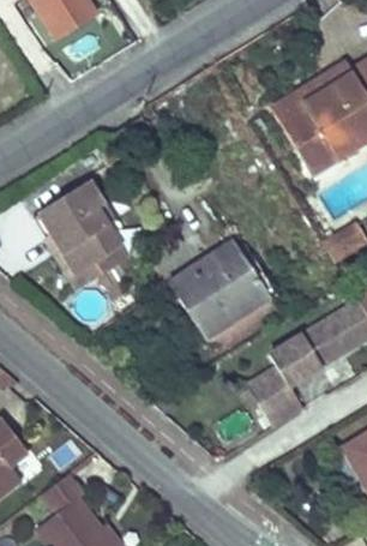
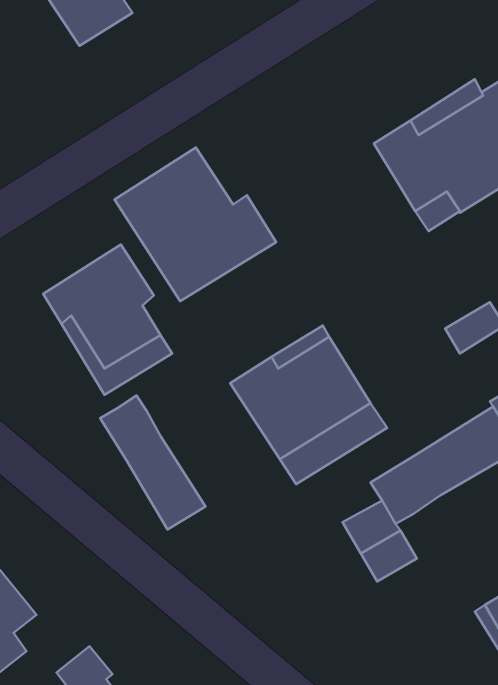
building: none -> [114,147,276,301]
building: none -> [100,396,206,530]

